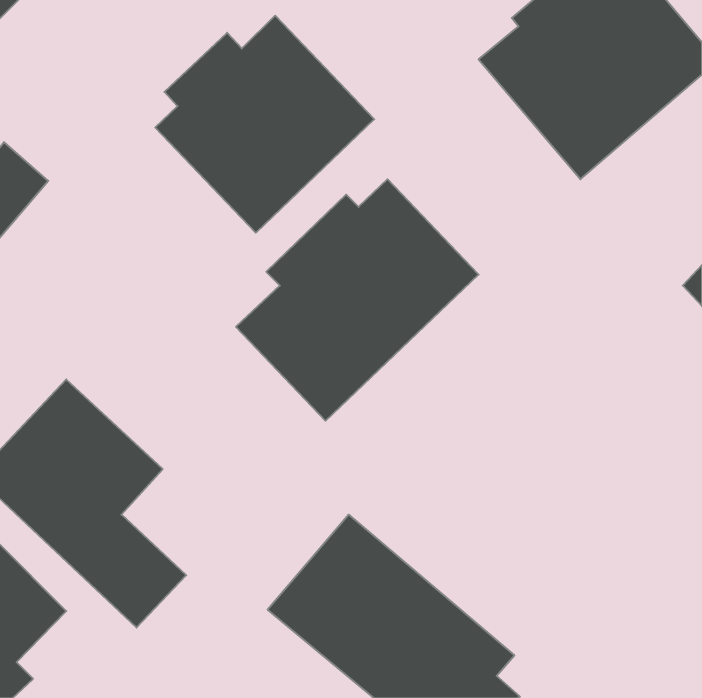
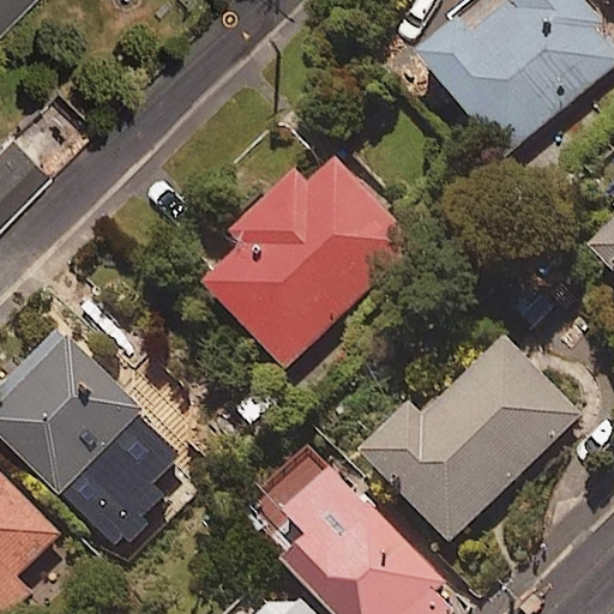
building: [155,16,374,233] -> none
building: none -> [361,338,579,540]

